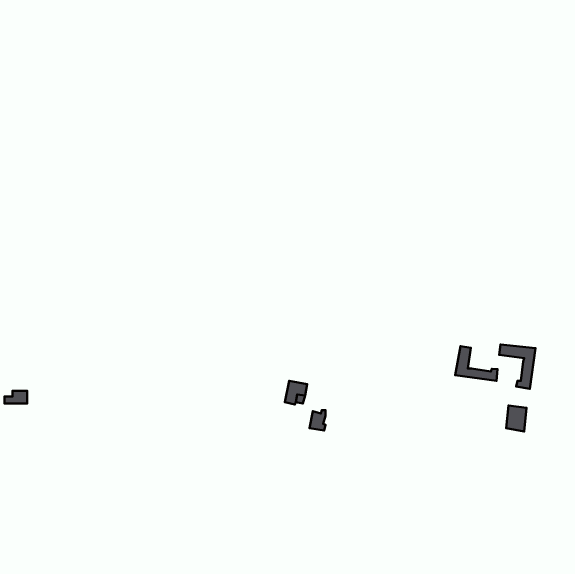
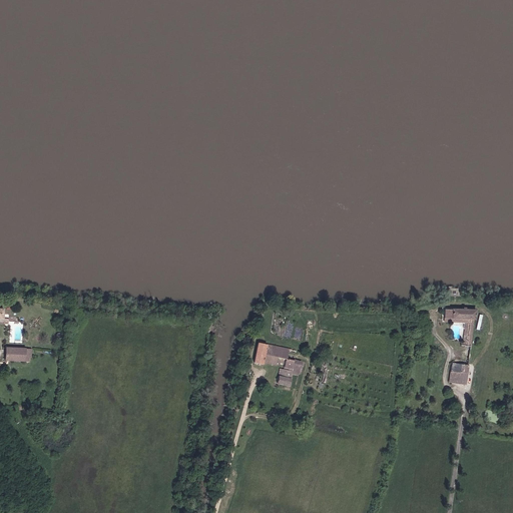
building: [455,346,498,381] -> none

